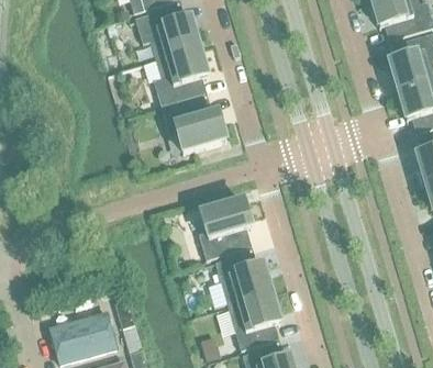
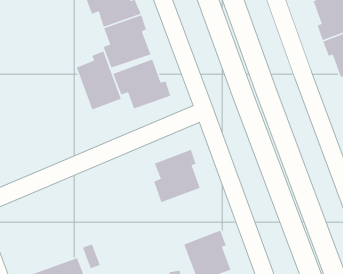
building: none -> [75,51,122,110]
building: [215,252,270,308] -> none

